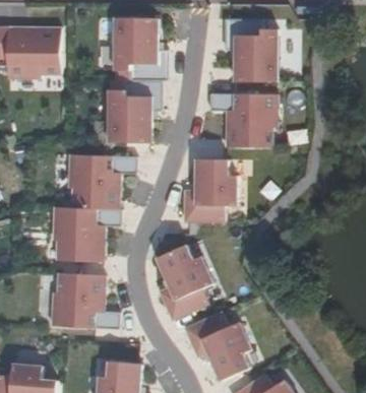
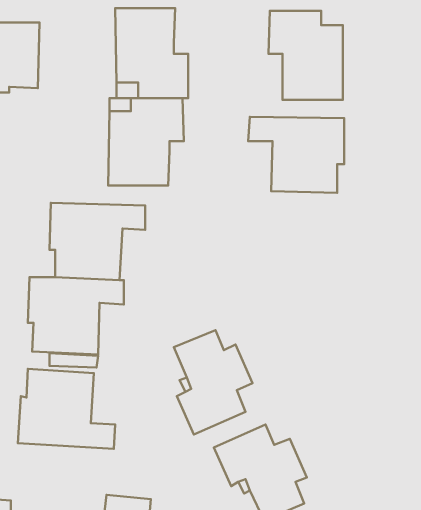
building: [184,159,237,221] -> none

